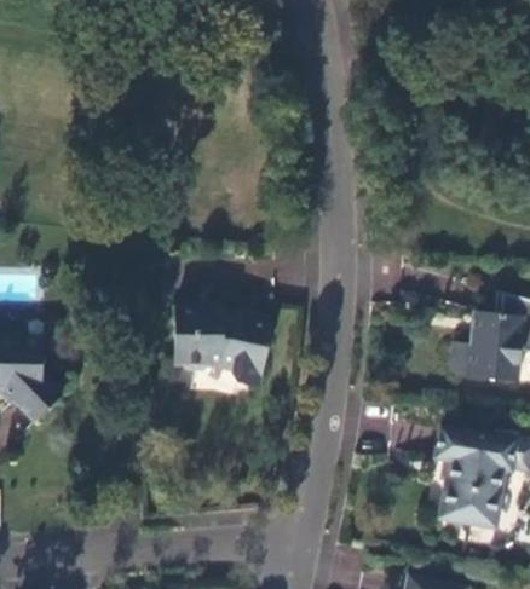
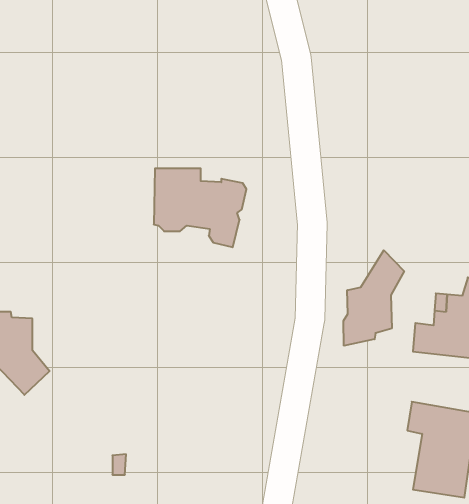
building: none -> [343,250,404,346]
building: [177,308,275,392] -> [154,168,246,247]

